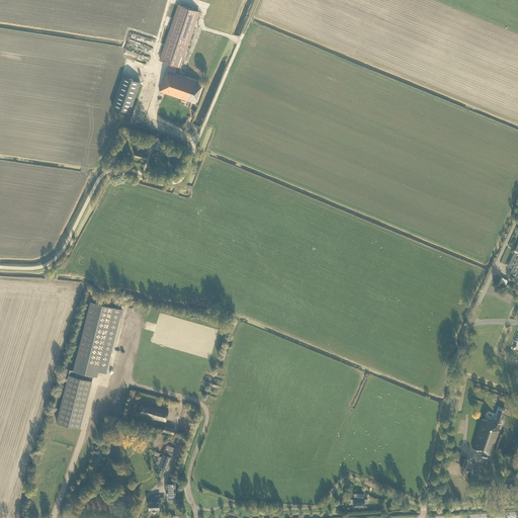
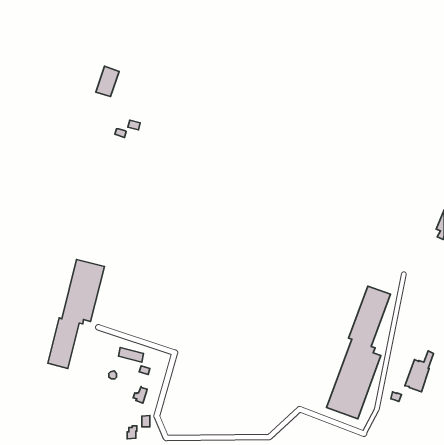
building: [158,5,201,102] -> none
building: none -> [327,286,390,419]

